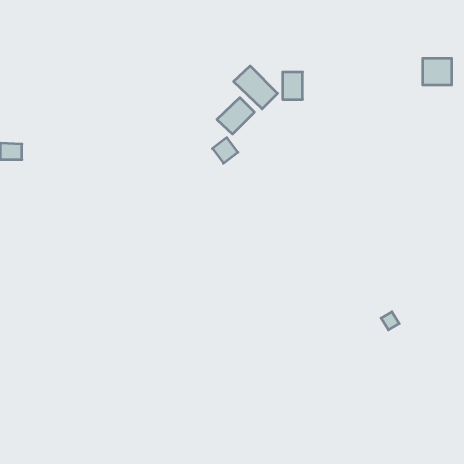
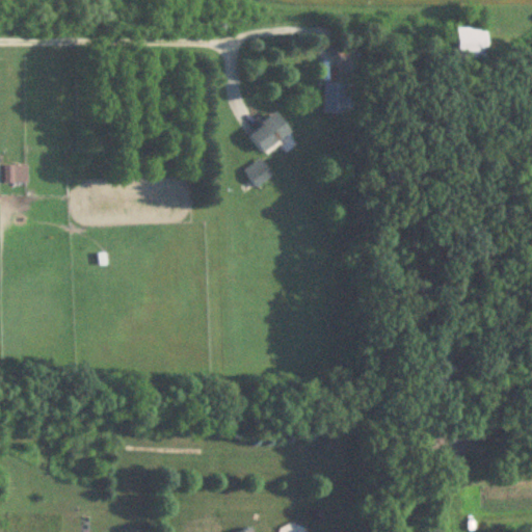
building: [423,58,452,85] -> [455,27,488,57]
building: [234,66,278,109] -> none

